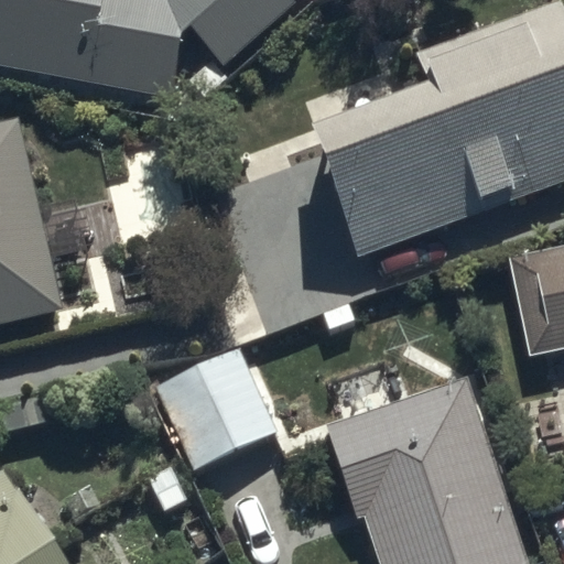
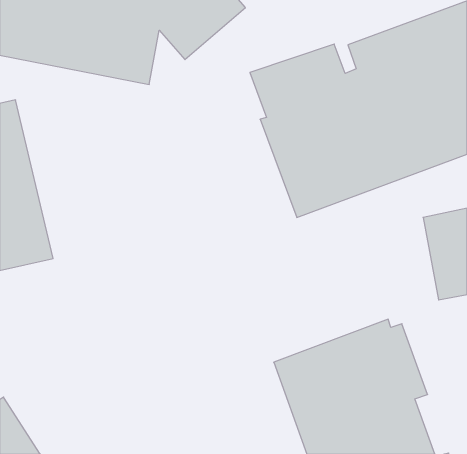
building: [154,346,280,473] -> none

